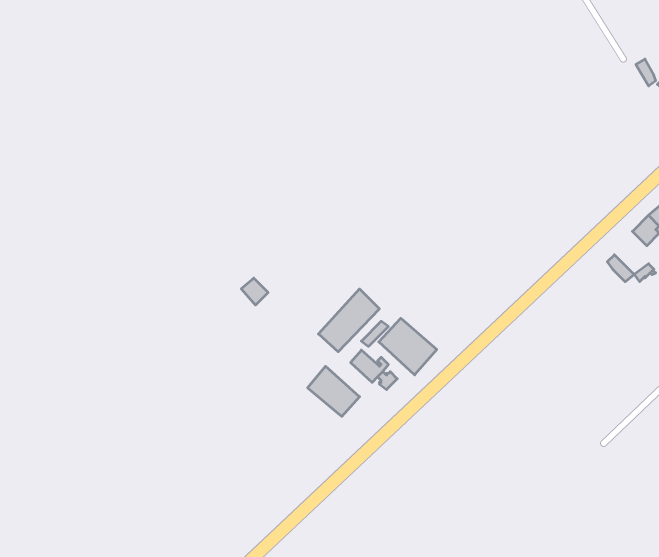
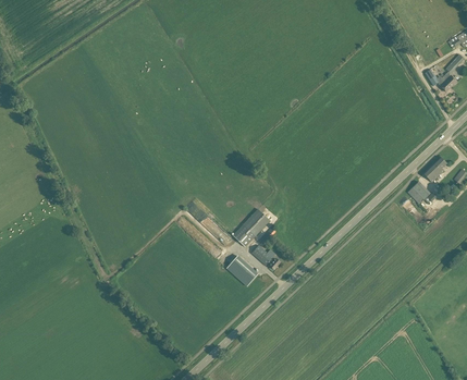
building: [379,318,437,375] -> none

